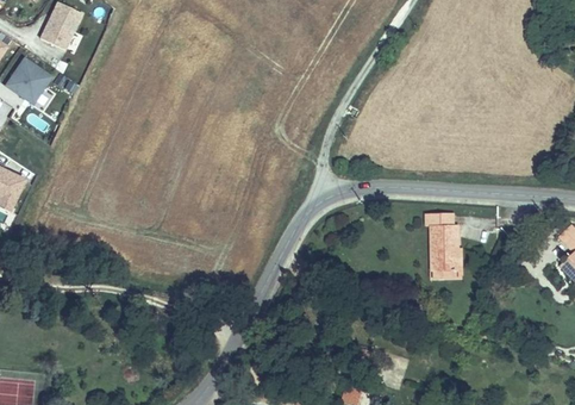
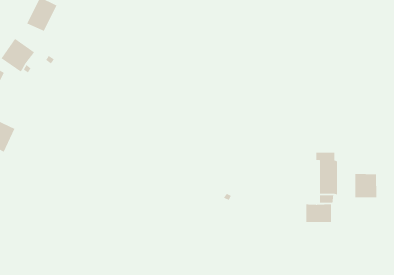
building: none -> [354,173,377,198]
building: none -> [306,204,332,223]

